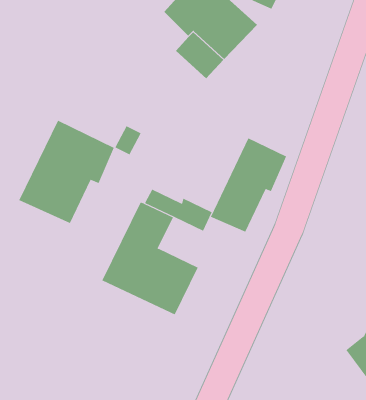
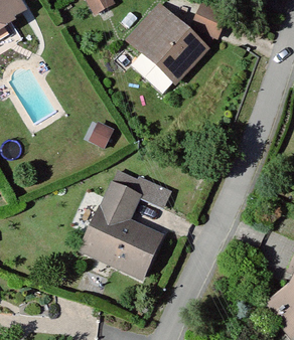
building: [19,120,114,224] -> none
building: [210,137,287,232] -> none

